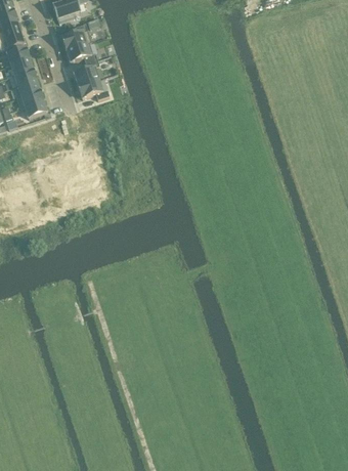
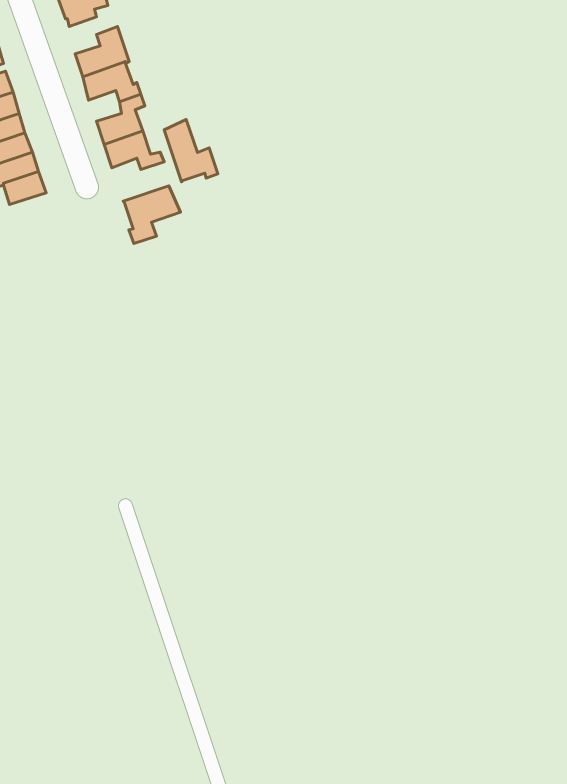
building: none -> [164,119,218,182]
building: none -> [123,186,180,244]

